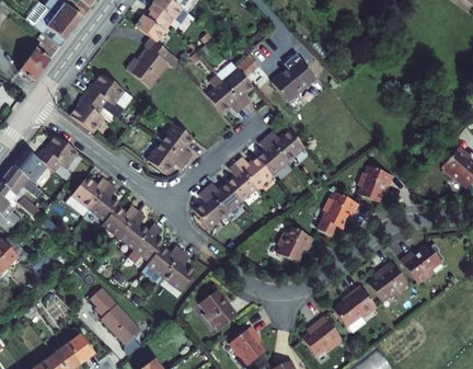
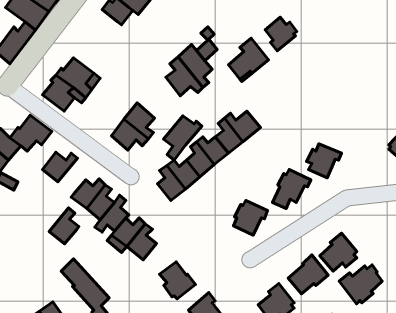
building: none -> [265,17,297,51]
building: [126,35,178,85] -> none
building: none -> [164,116,202,160]
building: [88,181,119,219] -> [49,208,79,244]
building: [397,243,443,285] -> [339,265,382,304]

